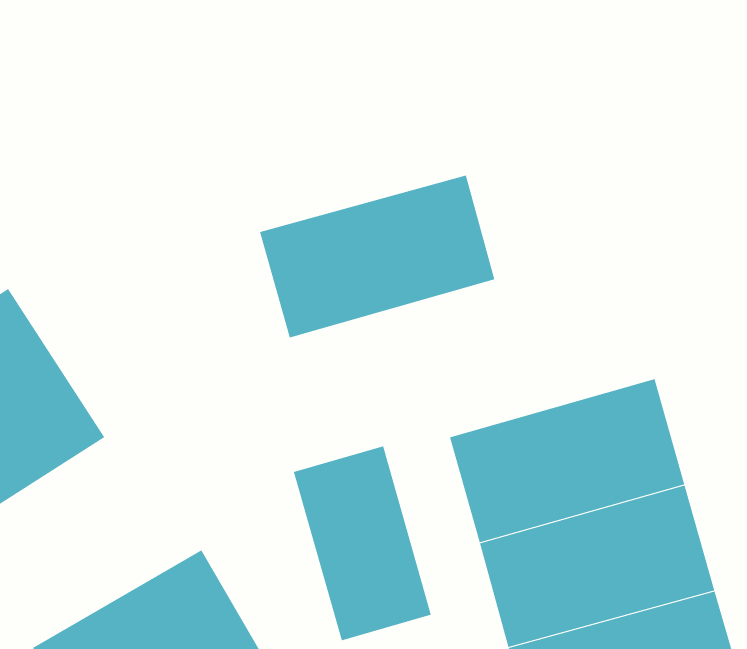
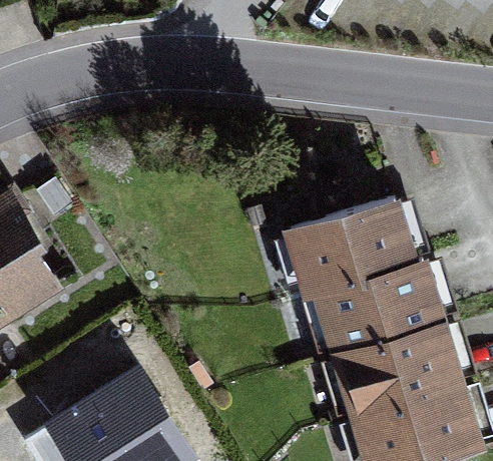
building: [259,175,495,338] -> [280,192,429,296]
building: [293,446,432,641] -> none

